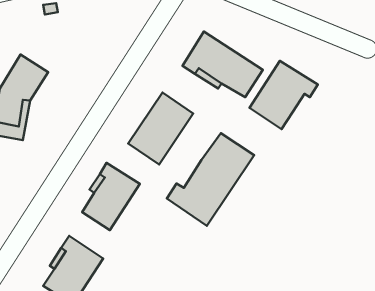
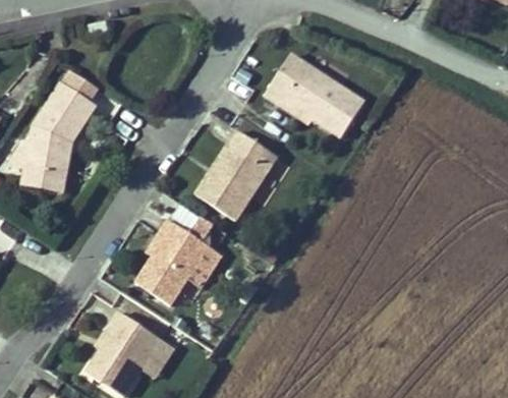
building: [249,61,318,129] -> none
building: [167,133,254,226] -> none

